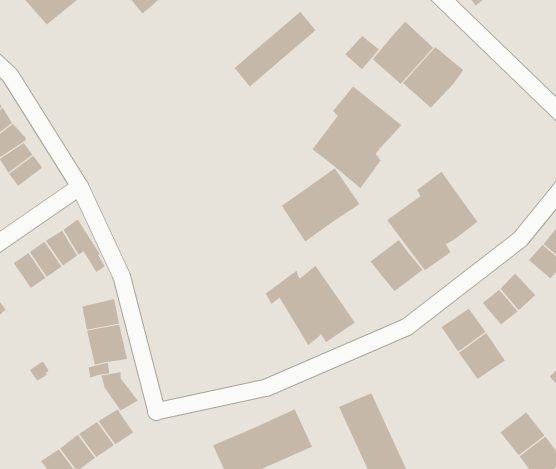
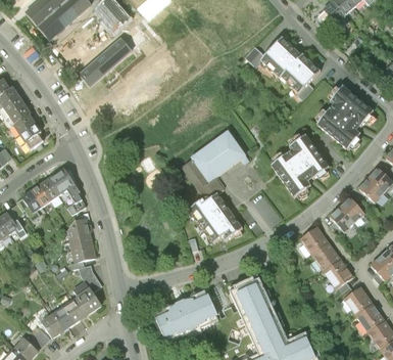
building: [233,11,316,87] -> [76,39,129,88]
building: [311,85,402,189] -> [312,84,371,150]
building: [370,239,424,292] -> none
building: none -> [325,256,355,284]

